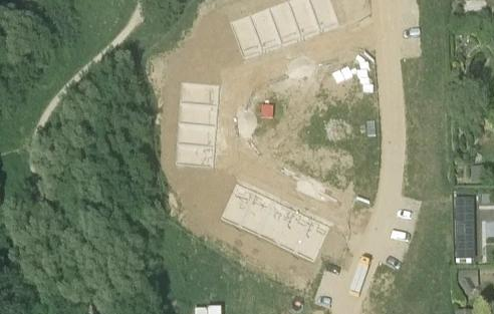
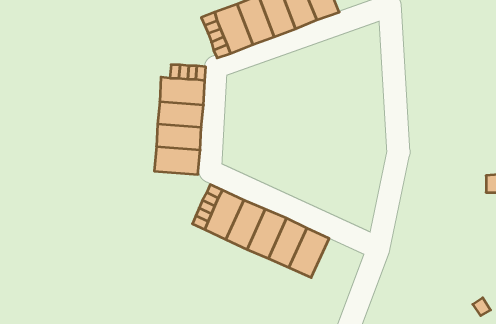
building: [455,199,473,259] -> none

